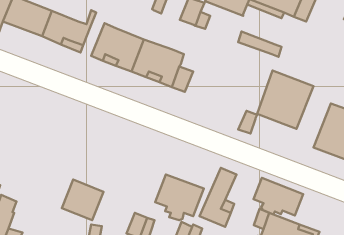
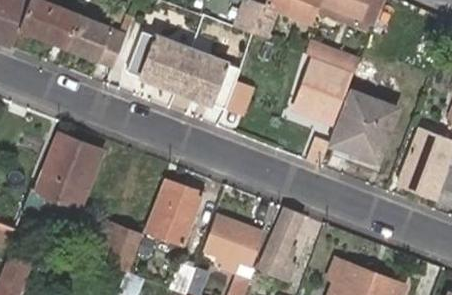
building: none -> [294,58,351,122]
building: none -> [24,131,103,222]
building: none -> [148,180,202,244]
building: [254,178,303,216] -> none

